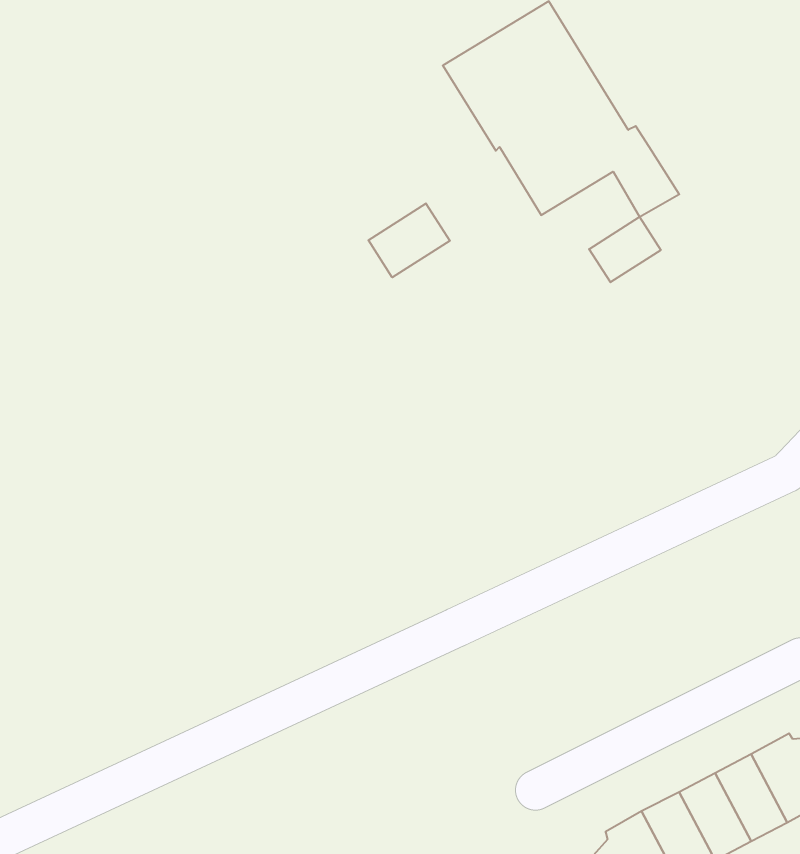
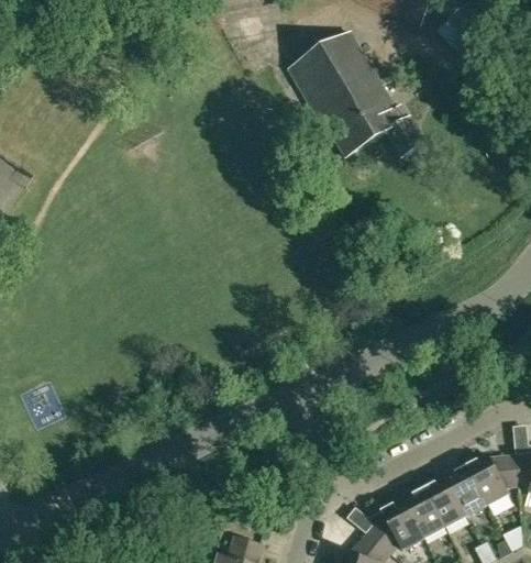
building: [368,203,450,277] -> none
building: [589,217,661,282] -> none

